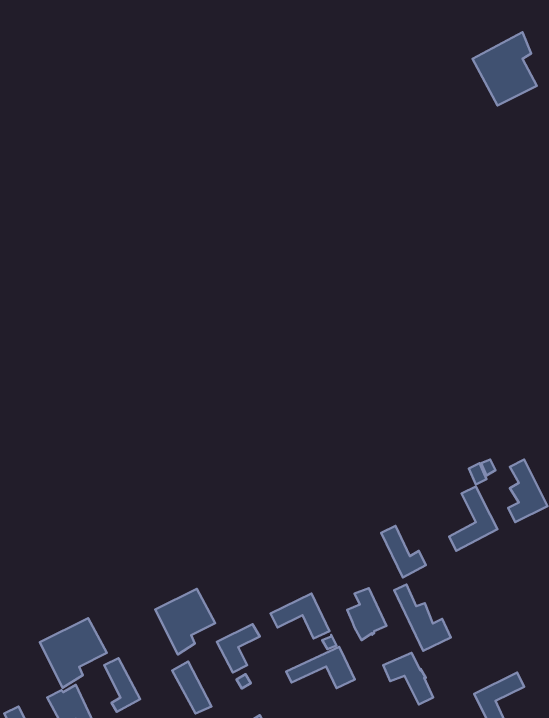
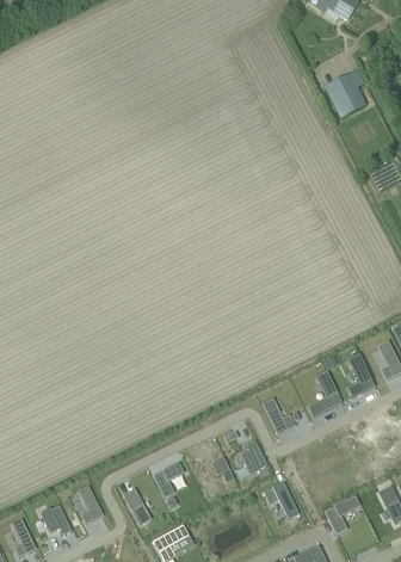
building: [394,584,451,651] -> none
building: [155,589,215,655] -> none
building: [40,618,107,688] -> none
building: [286,647,355,688] -> none

